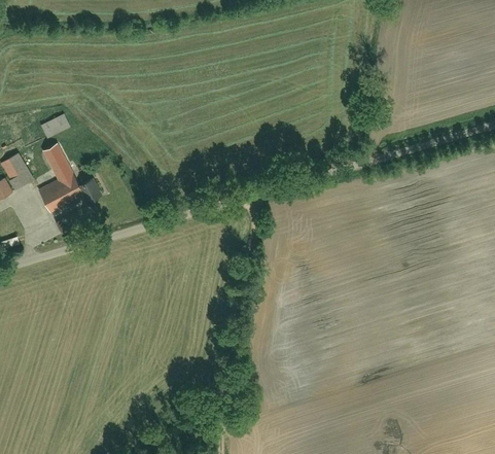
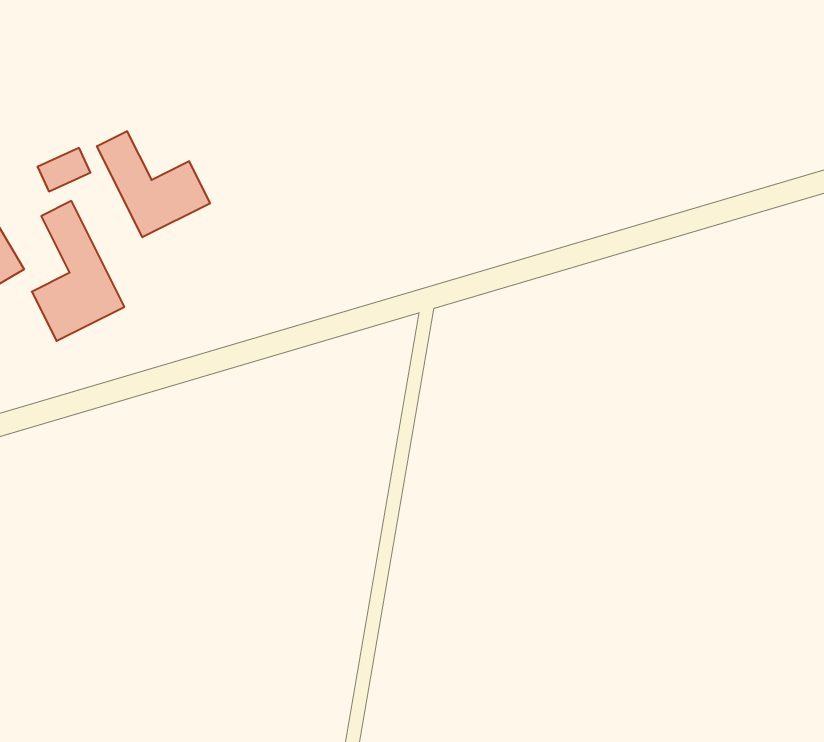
building: none -> [97,131,210,237]

